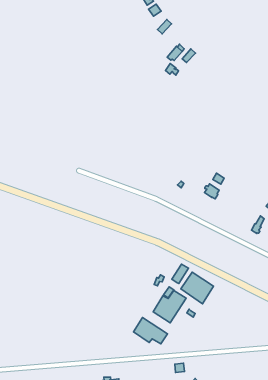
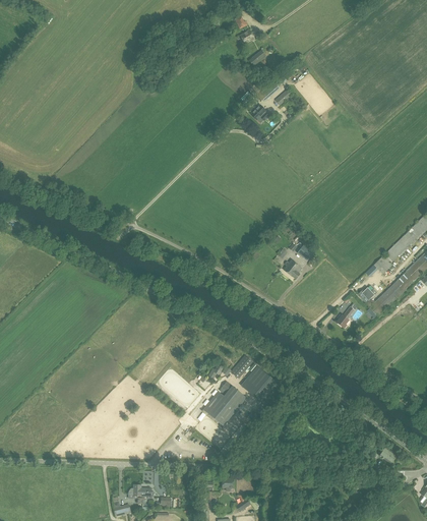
building: [133,318,168,344] -> none

